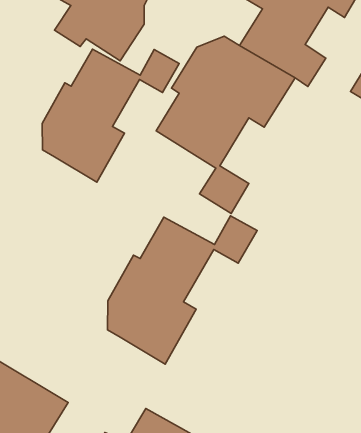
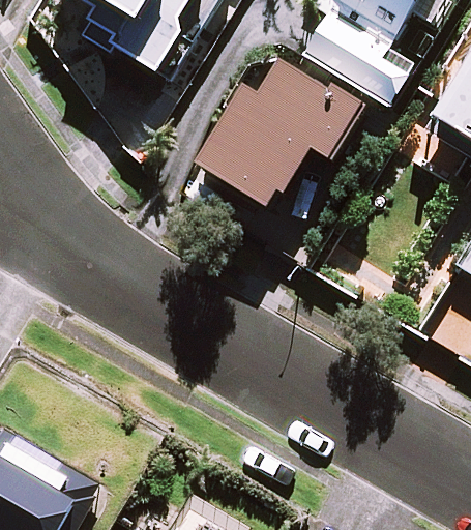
building: [42,49,179,182] -> none
building: [107,216,257,364] -> none

